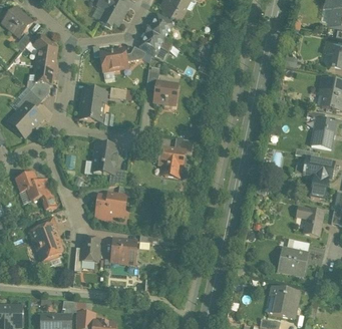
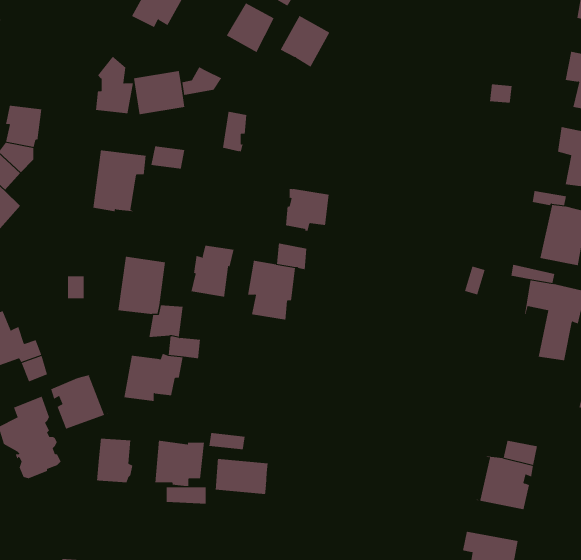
building: [137,29,163,56] -> [280,15,330,67]
building: [35,37,55,67] -> [95,56,134,114]
building: [153,80,177,102] -> [285,189,330,231]
building: none -> [191,245,234,297]
building: none -> [50,373,108,429]
building: [295,206,323,236] -> none
building: none -> [215,458,268,495]

